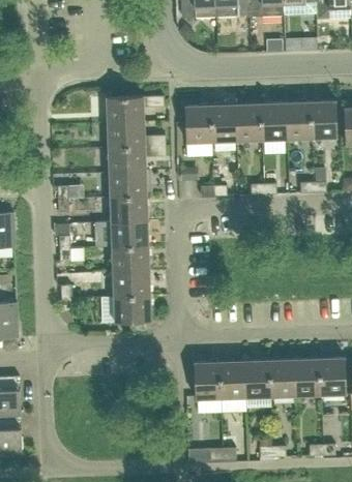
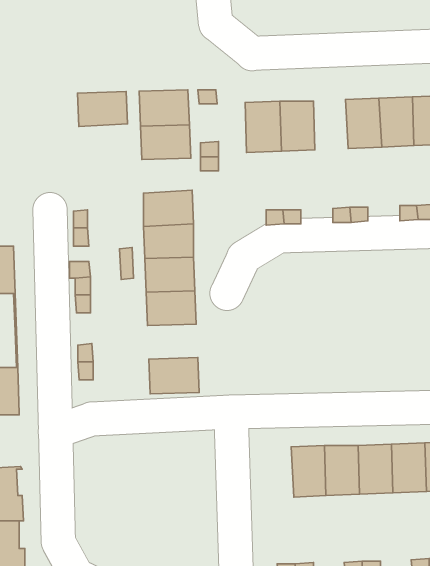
building: [236,103,262,141] -> none
building: [109,147,146,173] -> [77,92,128,126]
building: [113,270,150,296] -> none
building: [194,361,222,398] -> none

